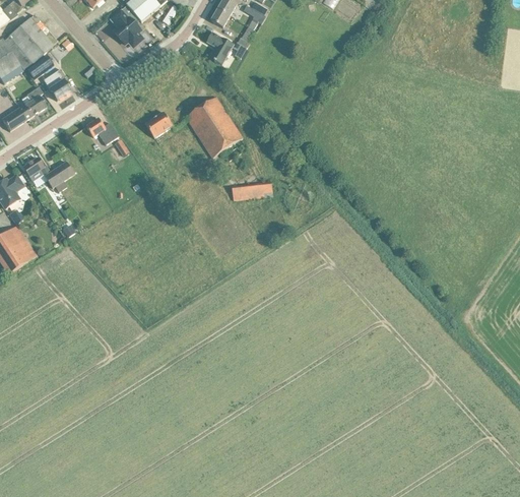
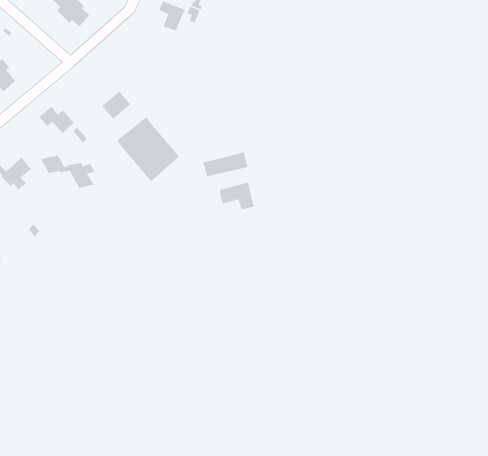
building: [185,97,242,158] -> [116,116,180,182]
building: none -> [40,155,96,189]
building: none -> [219,181,255,210]

